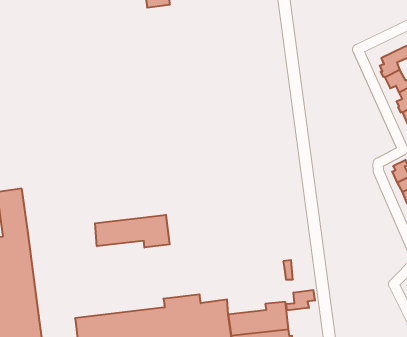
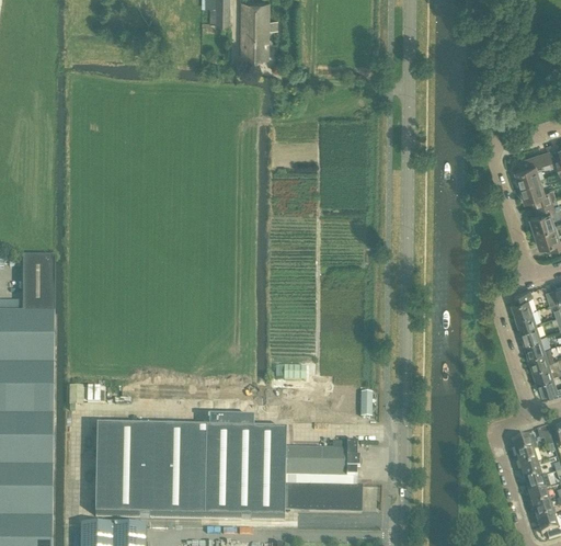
building: [95,215,170,248] -> none
building: [286,290,315,310] -> none

